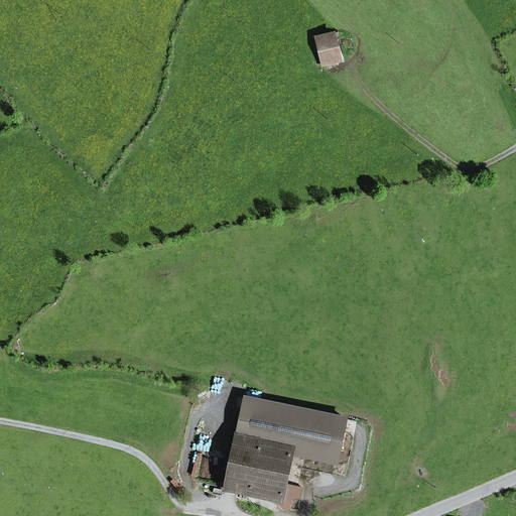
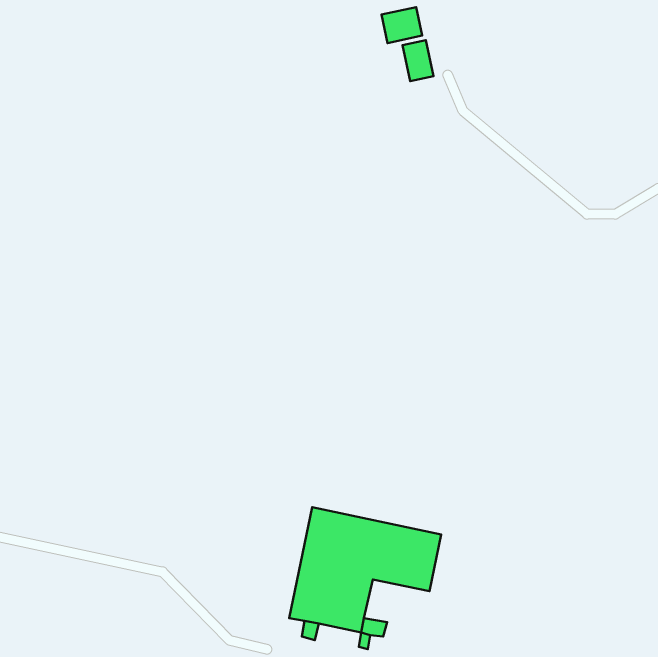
building: none -> [381,7,422,43]

